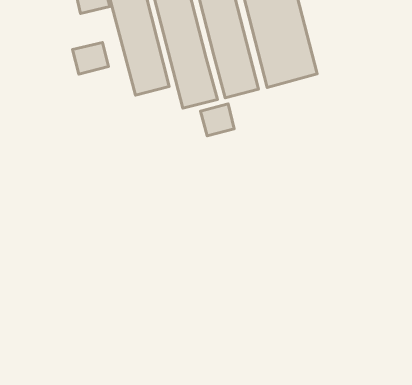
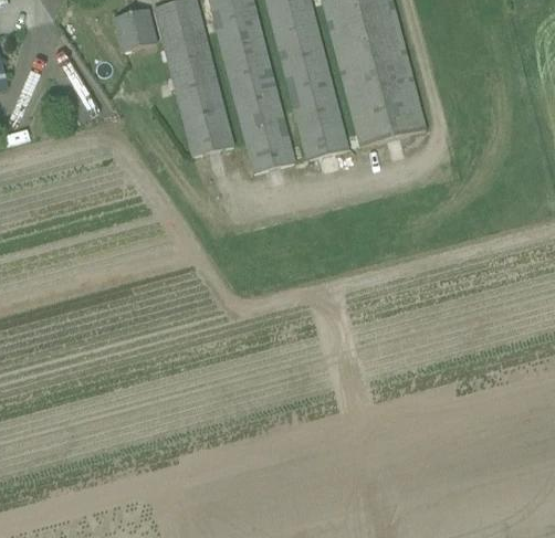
building: [73,43,108,74] -> none
building: [200,104,234,136] -> none

